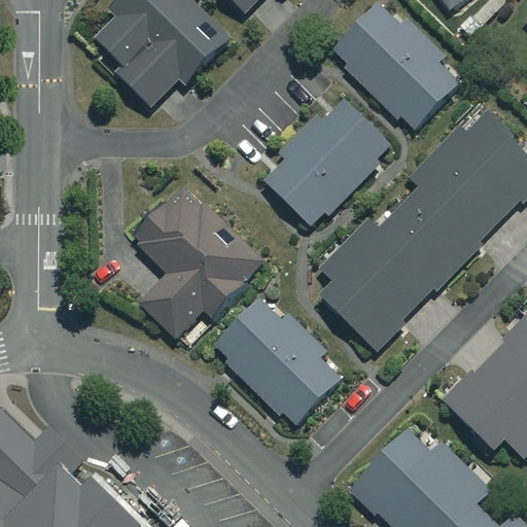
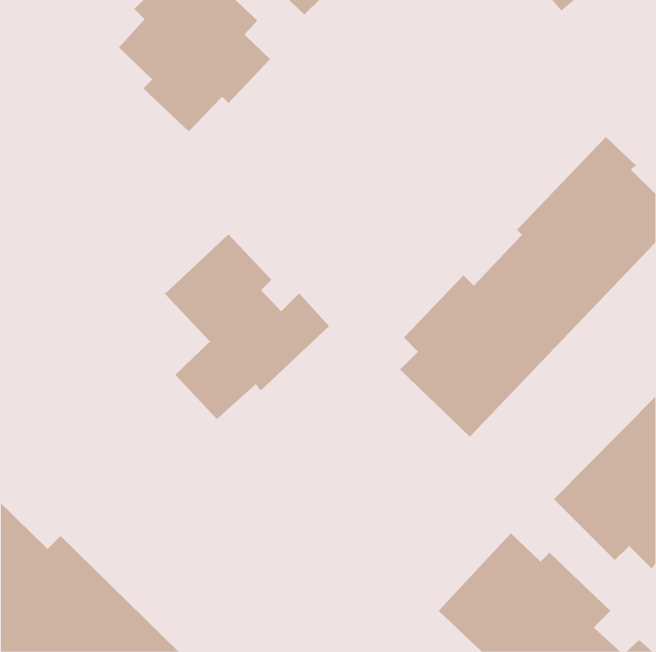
building: [330,4,457,131] -> none
building: [261,100,393,229] -> none
building: [212,298,341,426] -> none

